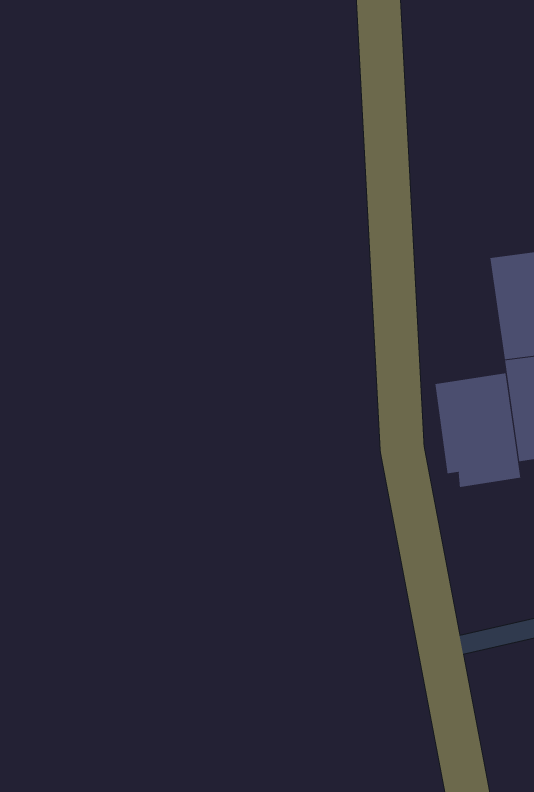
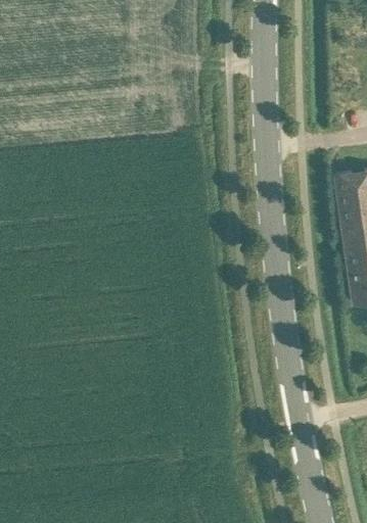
building: [435,373,521,488] -> none

